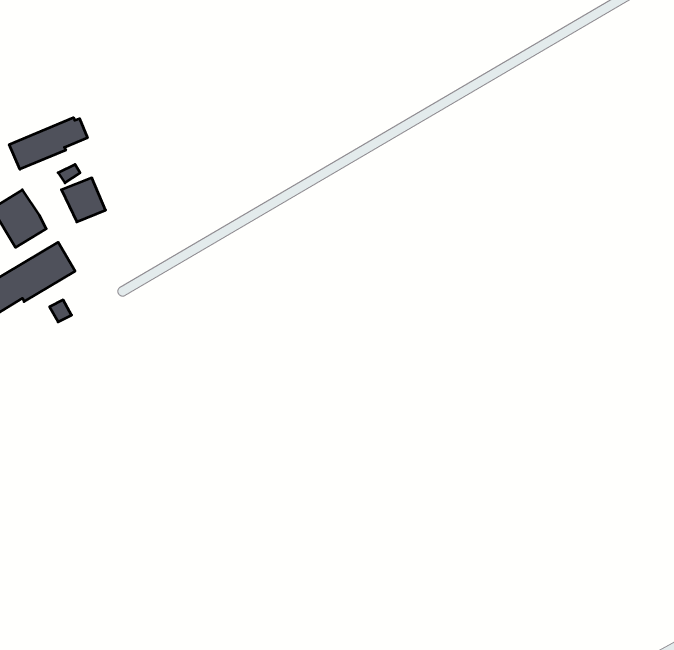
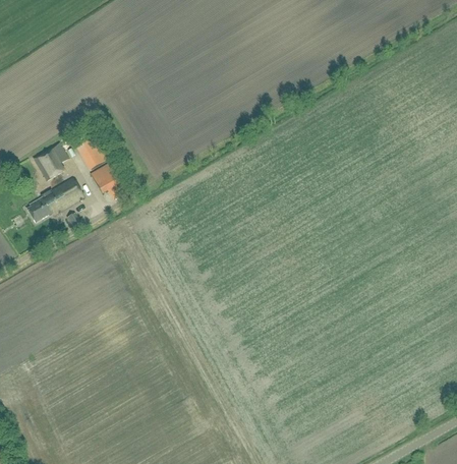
building: [9,118,87,169] -> none
building: none -> [92,164,121,194]

